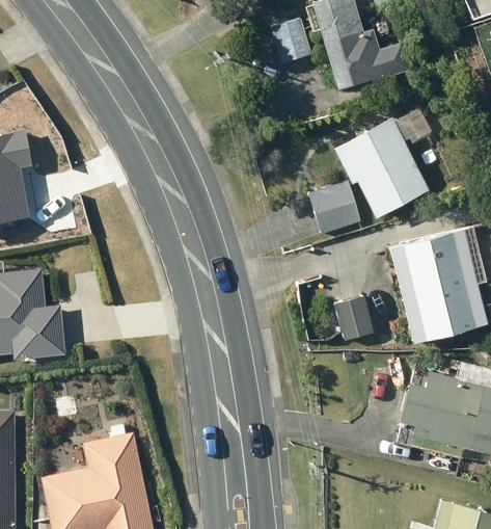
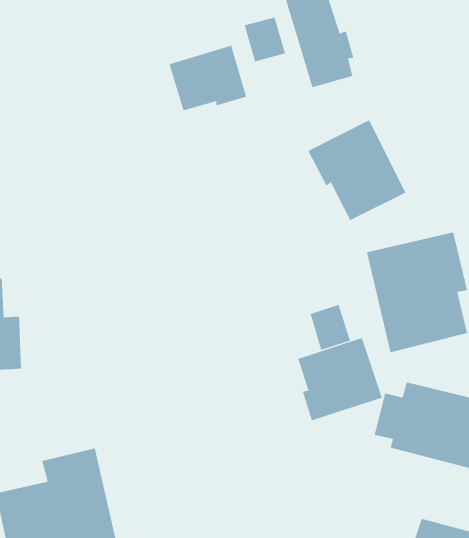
building: none -> [169,45,247,111]
building: [311,180,362,233] -> none
building: none -> [298,337,382,421]

